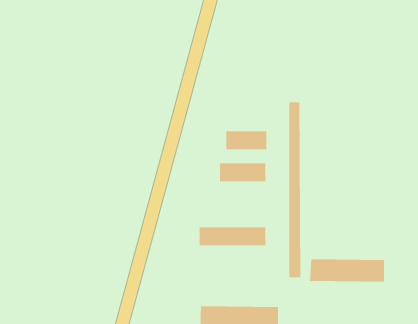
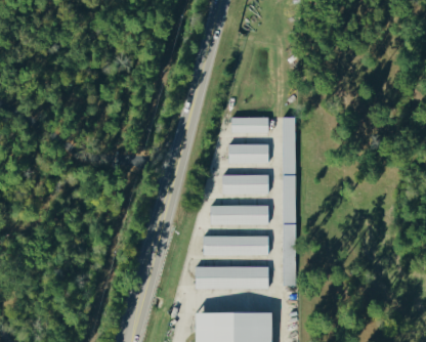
building: none -> [227,118,263,132]
building: none -> [206,206,263,224]
building: [309,259,385,282] -> [197,266,269,289]

